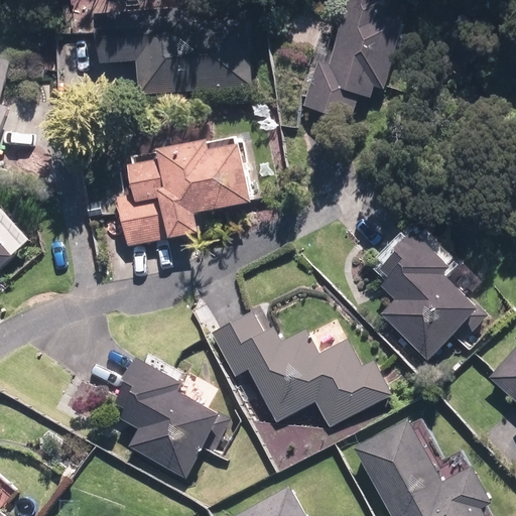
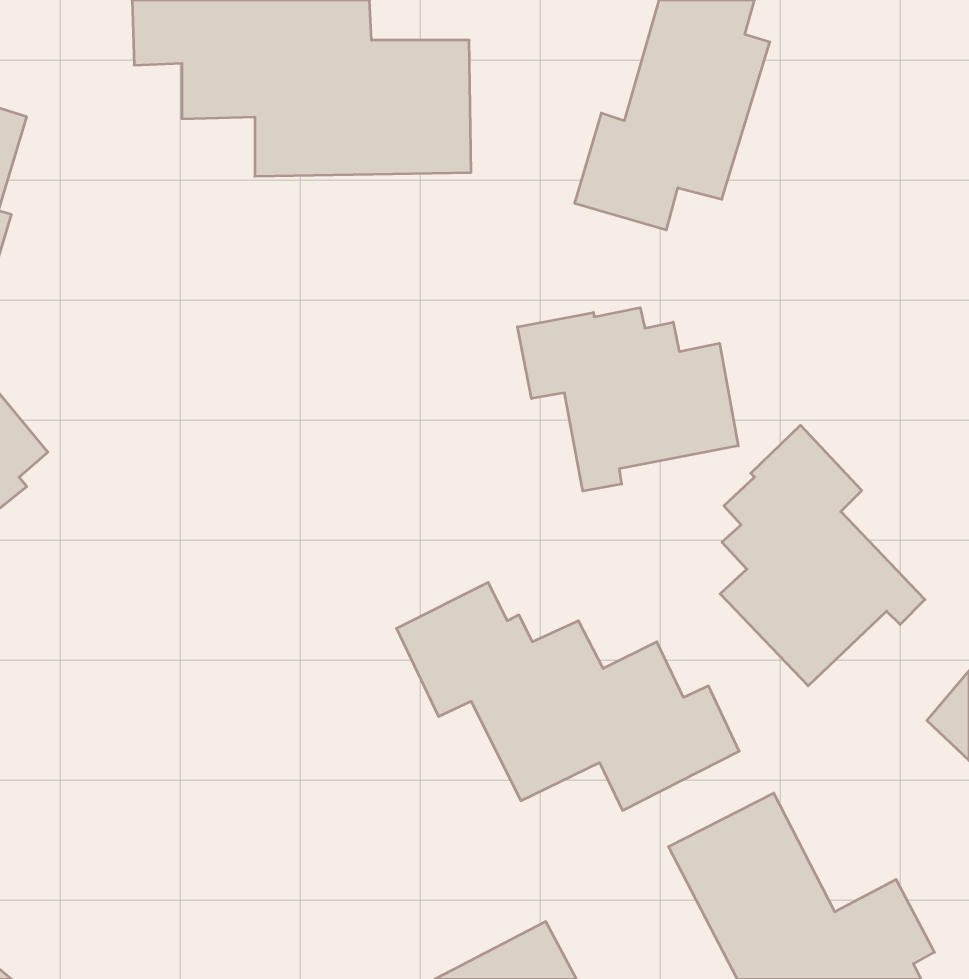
building: [115,134,253,247] -> none
building: none -> [517,308,738,491]
building: [115,358,218,477] -> none

